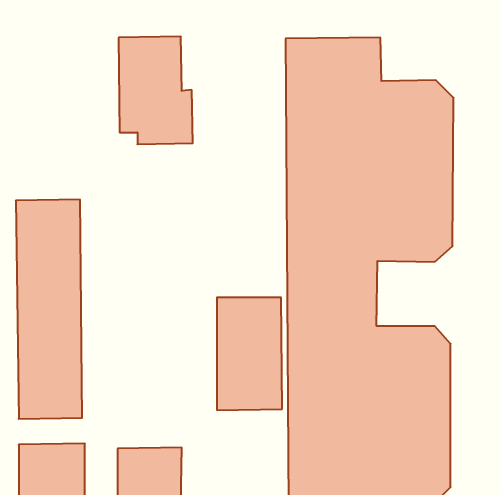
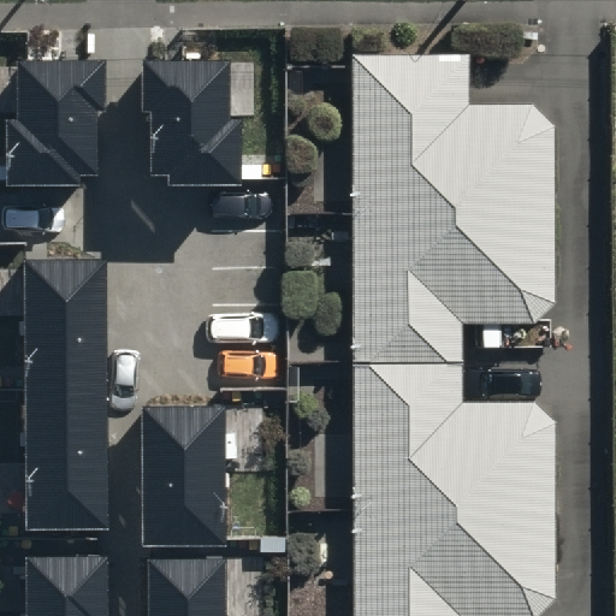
building: none -> [12,58,101,189]
building: [217,297,282,410] -> [143,404,223,541]

